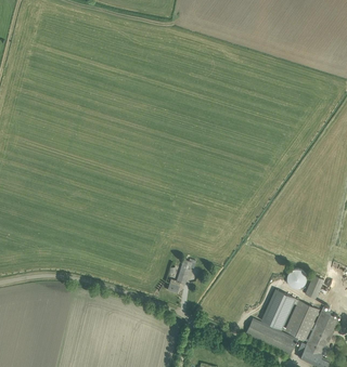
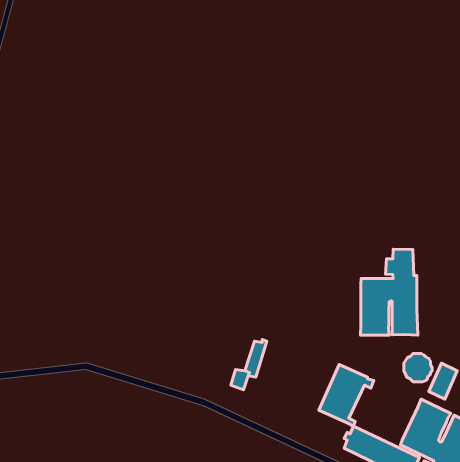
building: none -> [360,249,418,335]
building: [261,289,299,331] -> [319,365,374,426]

